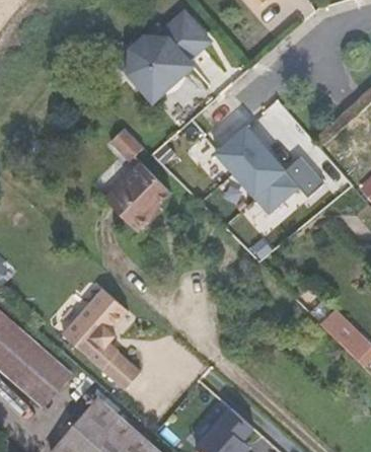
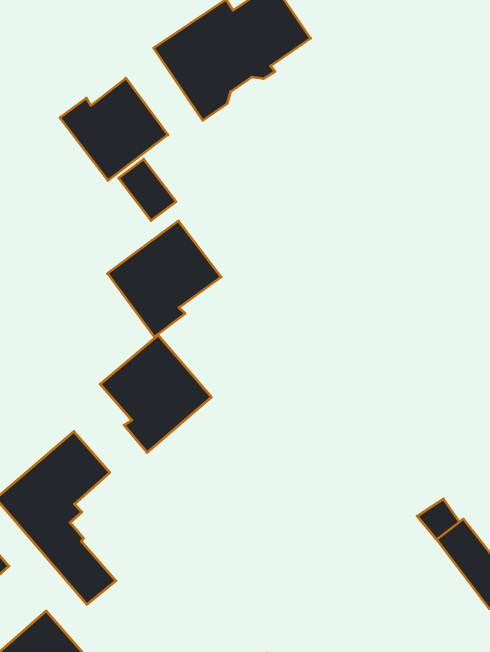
building: none -> [60,78,168,181]
building: [216,123,326,212] -> none
building: none -> [100,335,211,453]

